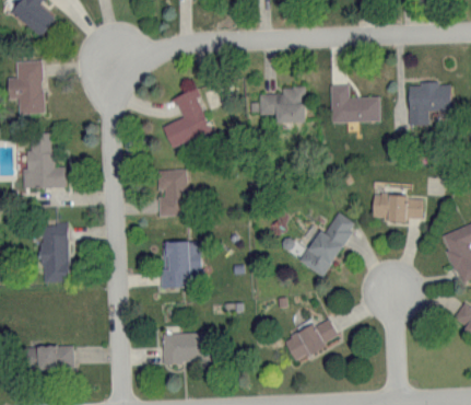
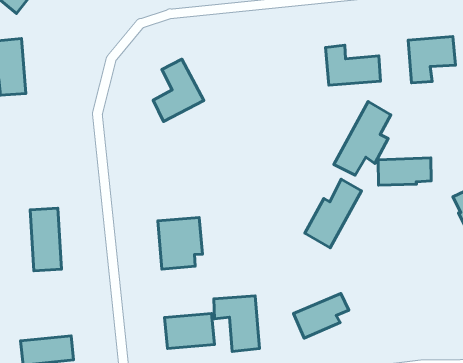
building: [260,88,306,123] -> none
building: [23,134,67,188] -> none
building: none -> [334,101,391,175]
building: [157,170,188,217] -> none
building: none -> [214,296,259,351]

